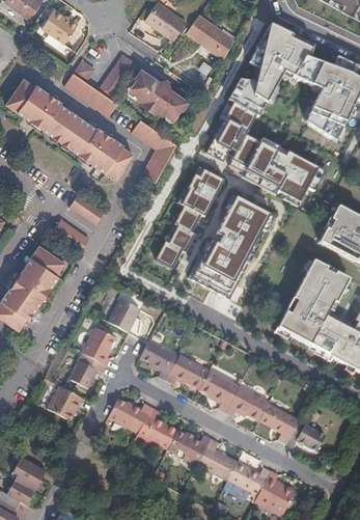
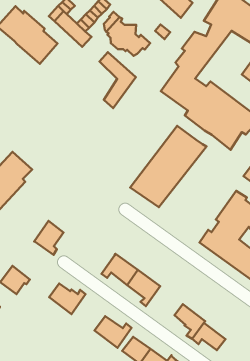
building: [60,115,134,180] -> none
building: [156,164,223,267] -> none
building: [71,192,106,222] -> none
building: [54,216,89,250] -> none
building: [110,299,142,333] -> none
building: [142,338,181,381] -> none
building: [71,354,108,389] -> none
building: [226,386,270,422] -> none
building: [136,408,179,449] -> none

